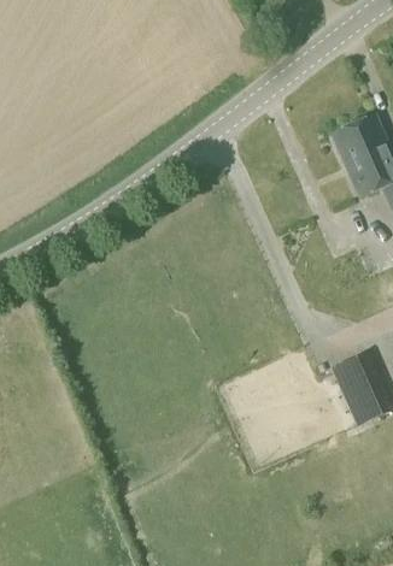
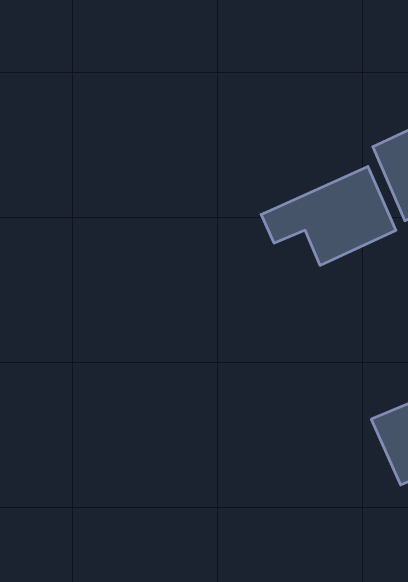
building: none -> [261,166,396,265]

